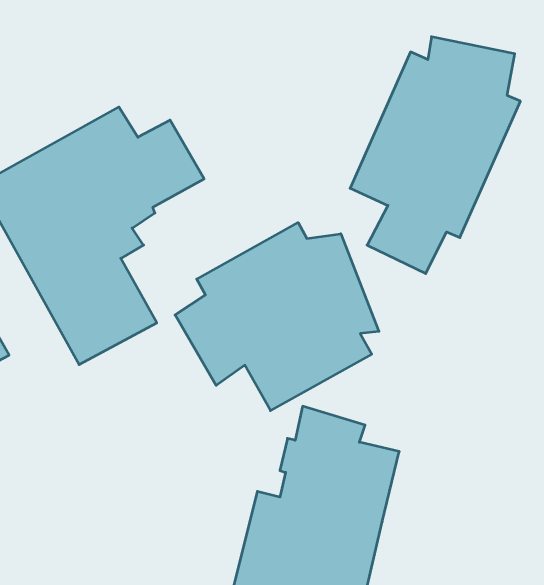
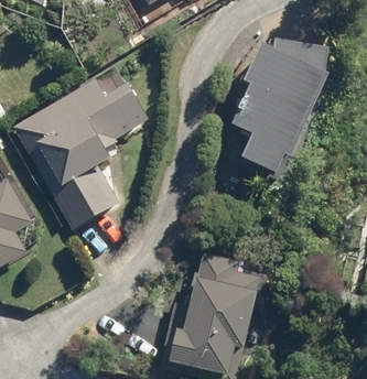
building: [175,223,379,411] -> none

